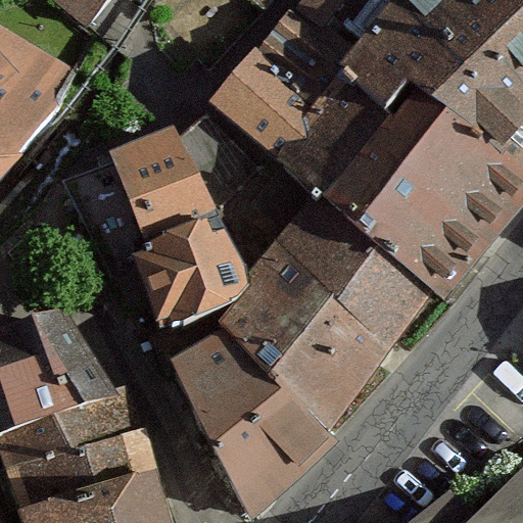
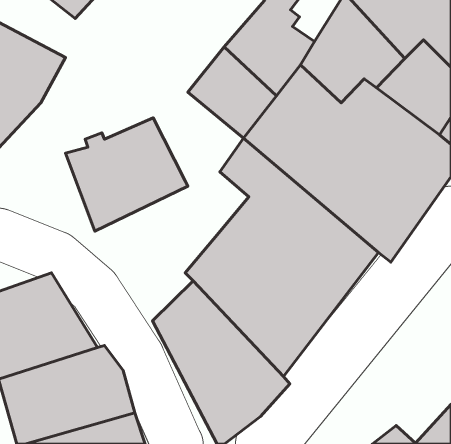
building: [177,115,258,208] -> none
building: [109,215,246,333] -> none

